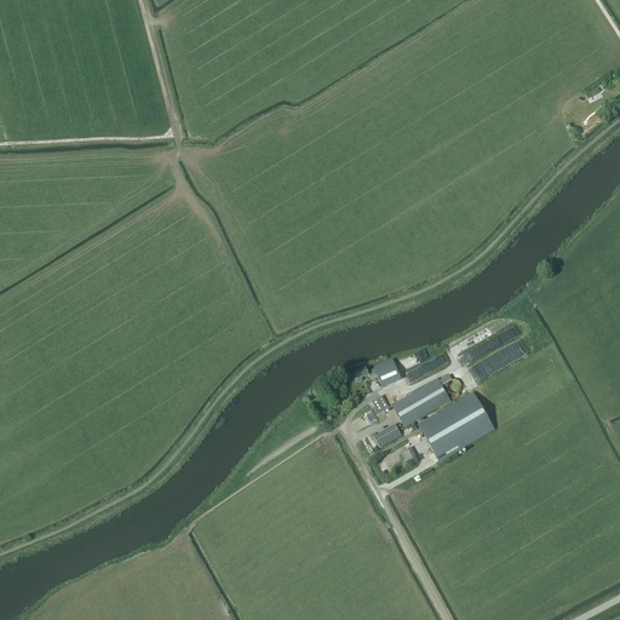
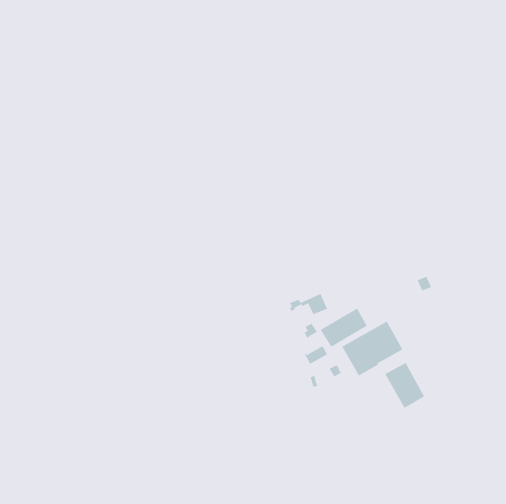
building: none -> [385,362,425,409]

